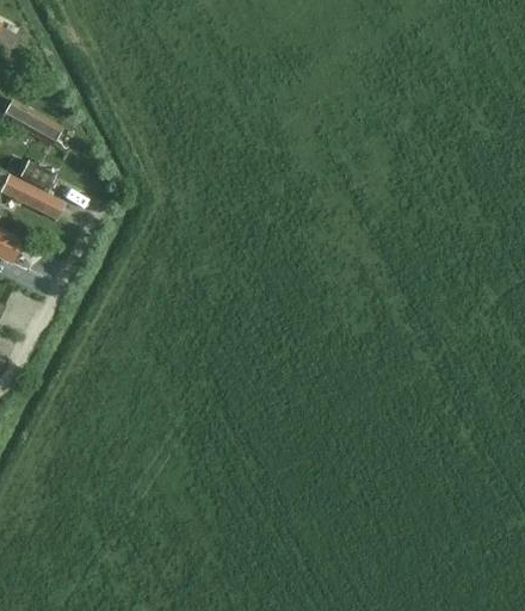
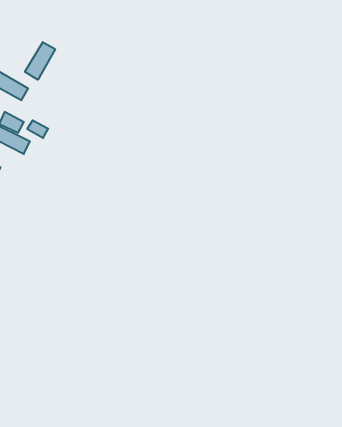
building: none -> [25,42,55,80]

